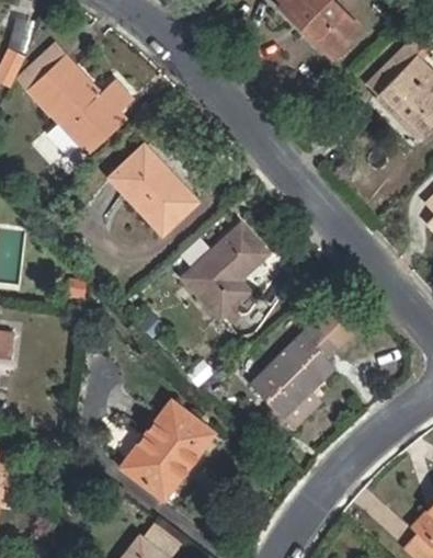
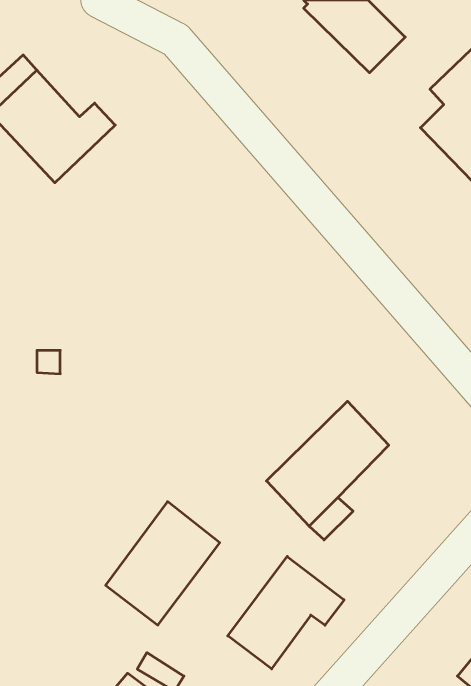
building: [111,145,197,234] -> none
building: [183,224,270,319] -> none
building: none -> [228,556,344,669]

